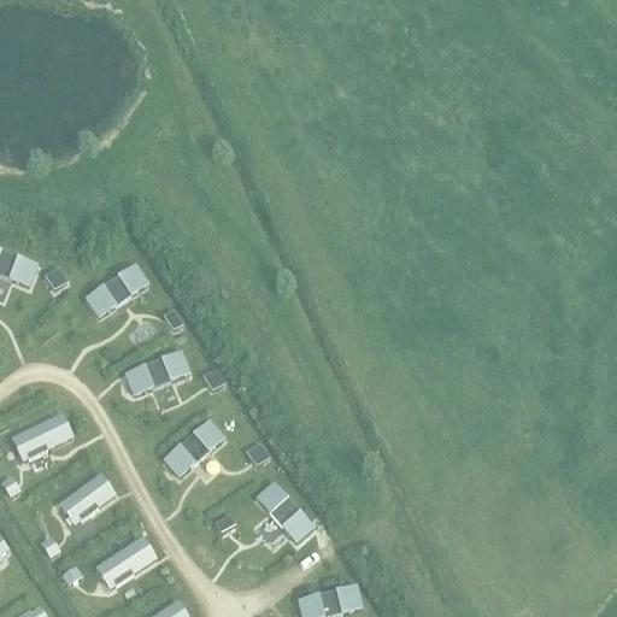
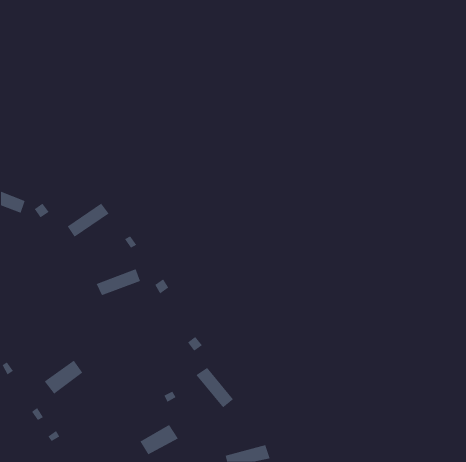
building: [14,417,65,454] -> none
building: [166,422,224,474] -> none
building: [100,542,152,583] -> [139,424,179,455]

